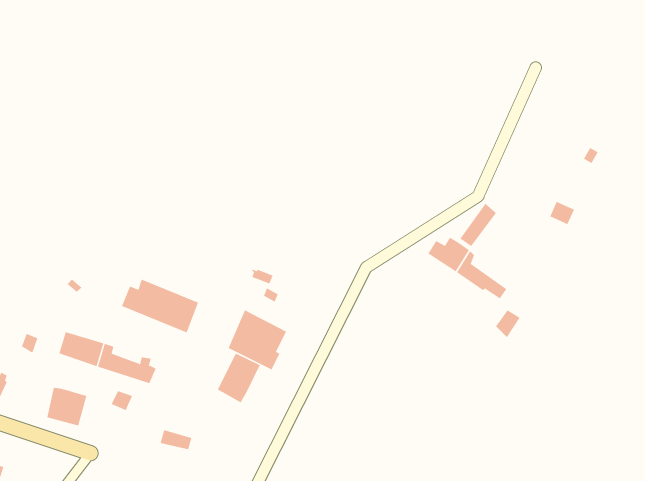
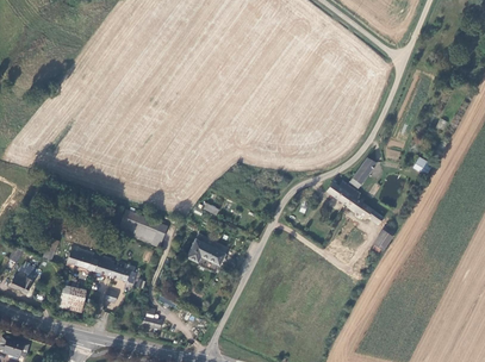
building: [217,353,261,403] -> none

